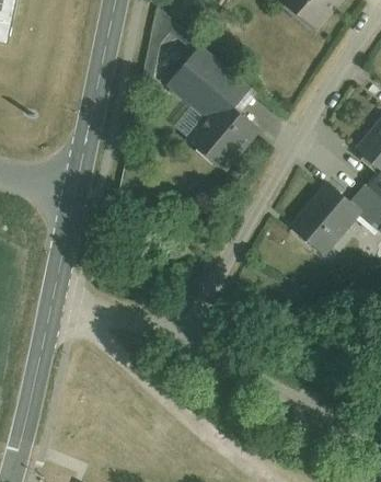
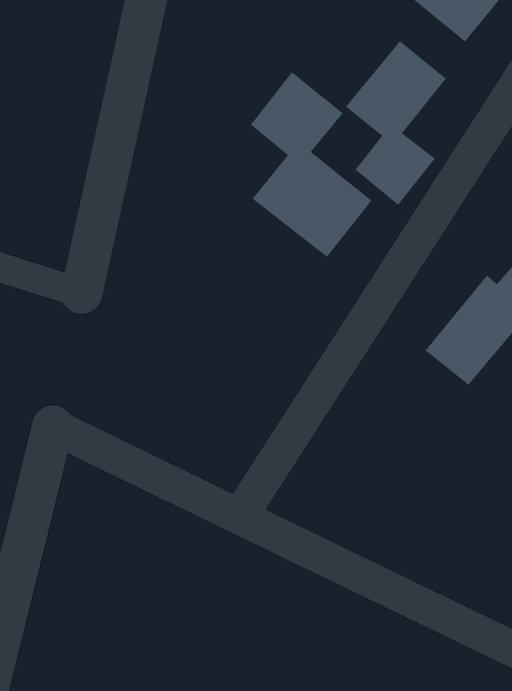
building: none -> [345,40,447,206]

